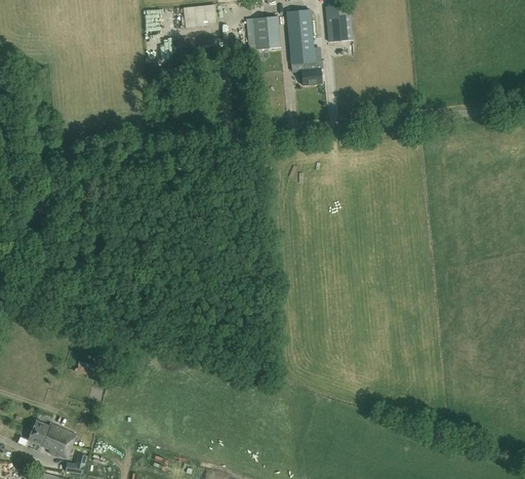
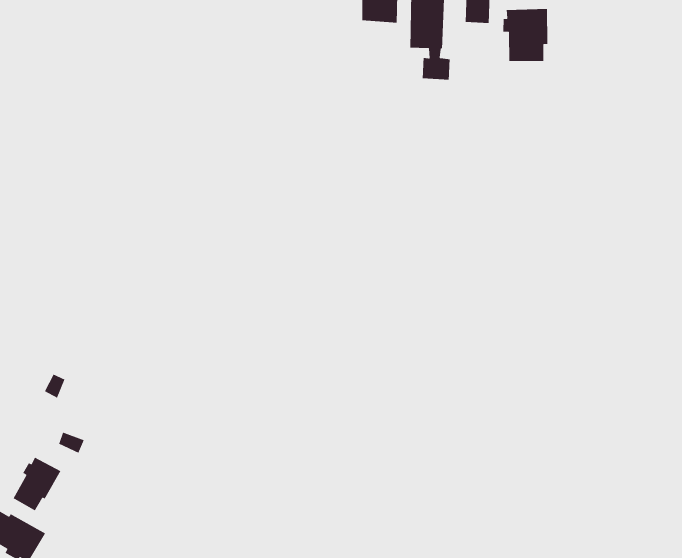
building: none -> [503,8,548,62]
building: none -> [12,456,62,511]

